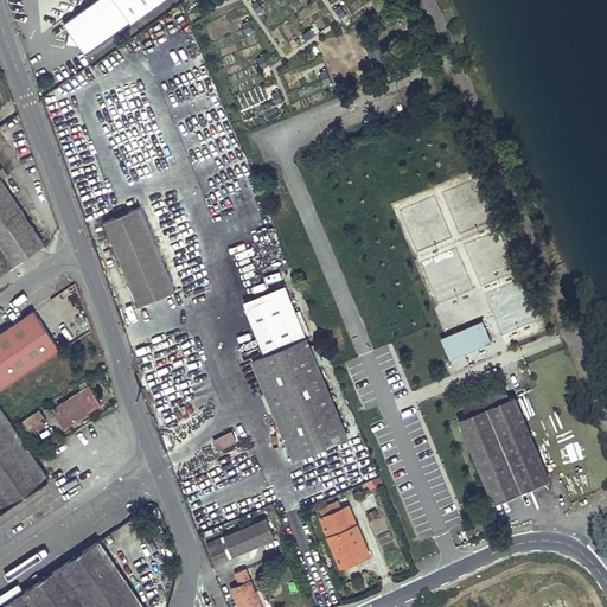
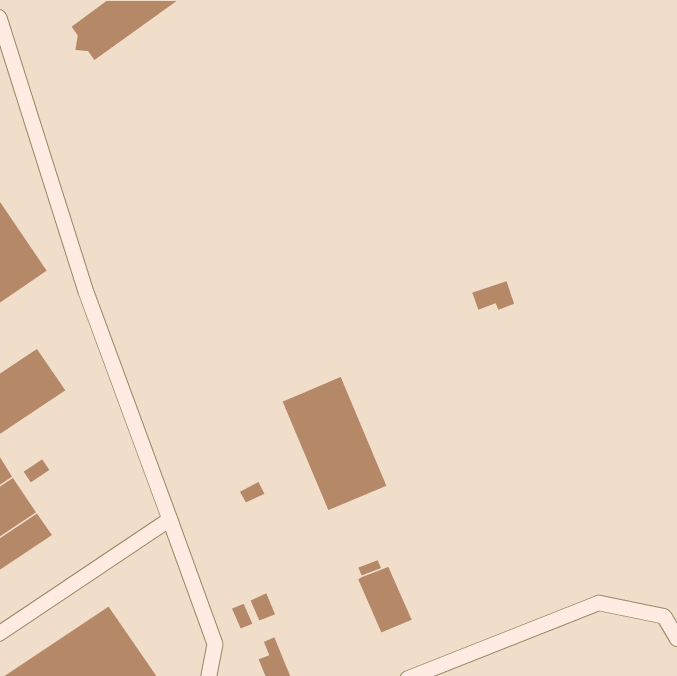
building: [102,209,173,307] -> none
building: [245,290,305,354] -> none
building: [442,321,491,358] -> none
building: [52,383,101,426] -> none
building: [460,389,548,505] -> none
building: [238,519,274,551] -> none

